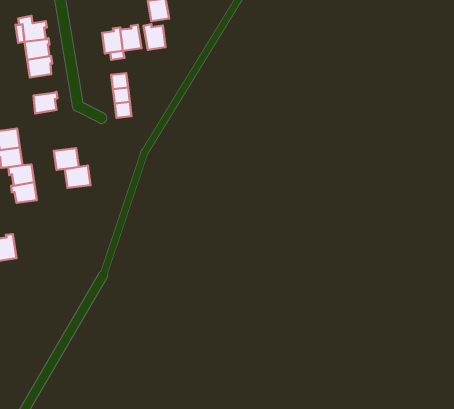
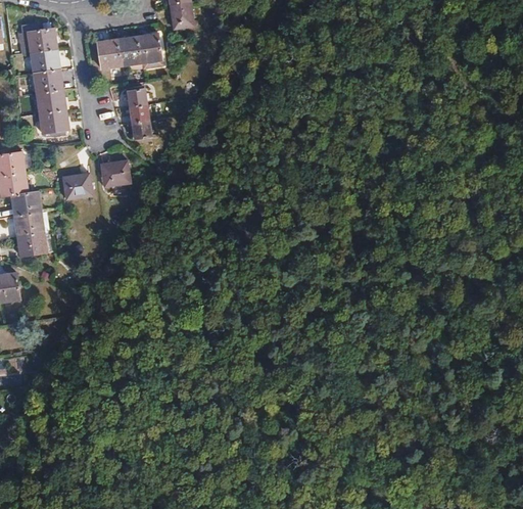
building: [144,24,166,50] -> none
building: none -> [97,38,121,68]
building: none -> [35,89,63,113]
building: [65,166,91,188] -> [100,160,130,186]
building: none -> [16,233,46,257]

